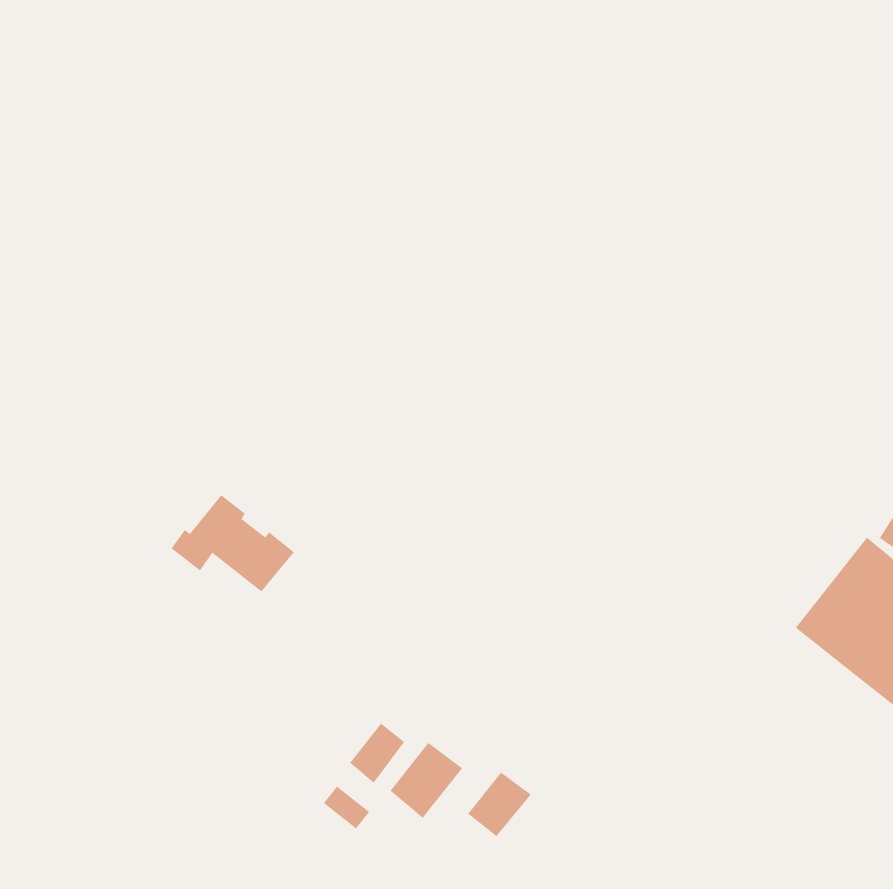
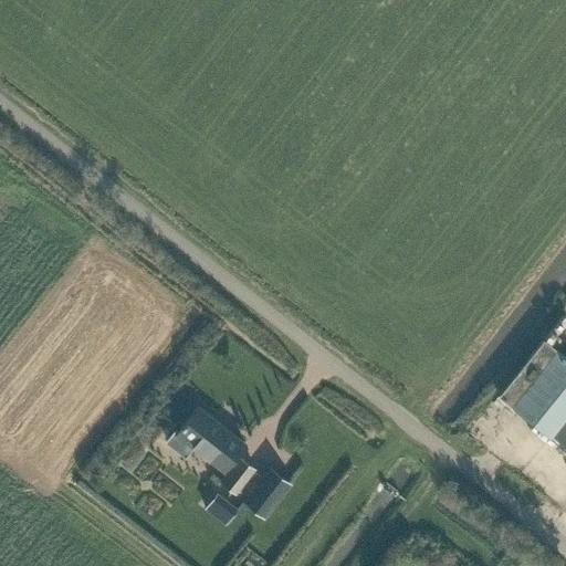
building: [170,494,295,592] -> [168,411,247,473]
building: [467,772,532,837] -> none

